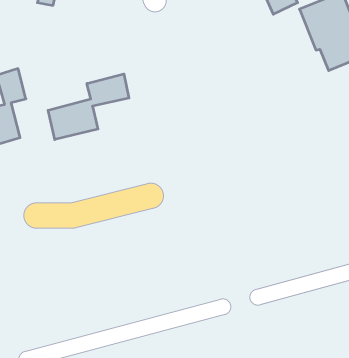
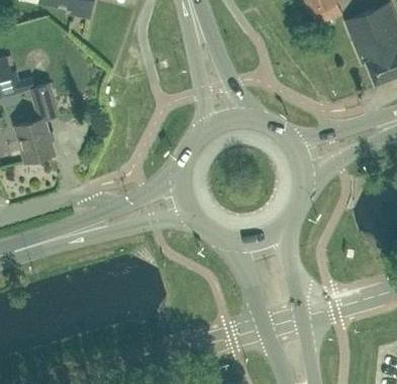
building: [48,74,129,140] -> none

